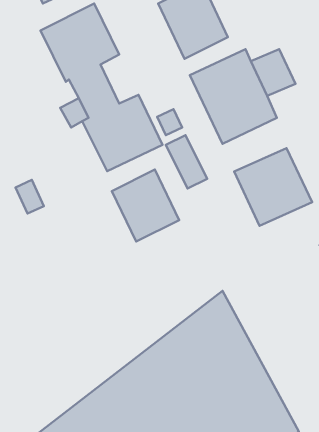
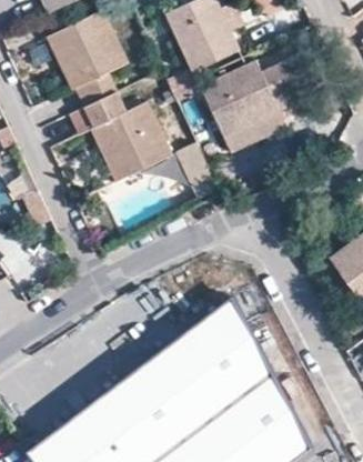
building: [234,148,312,226] -> none
building: [112,170,179,242] -> none

